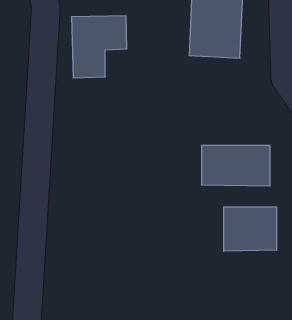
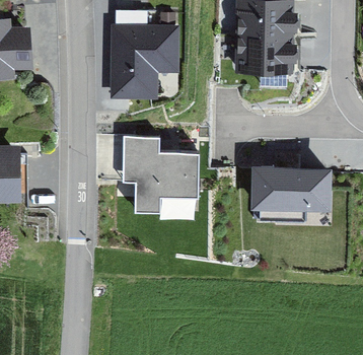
building: none -> [126,138,188,206]
building: [224,207,277,251] -> none

